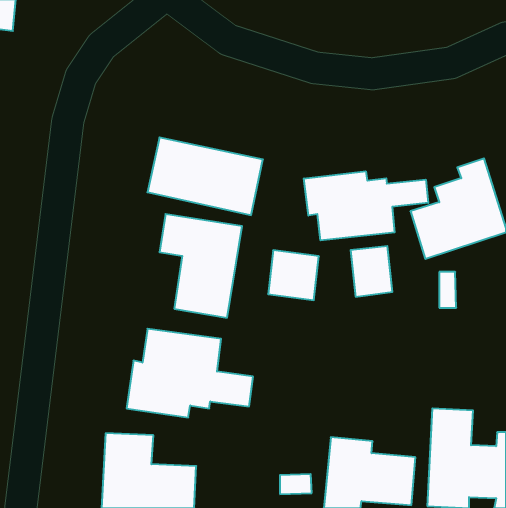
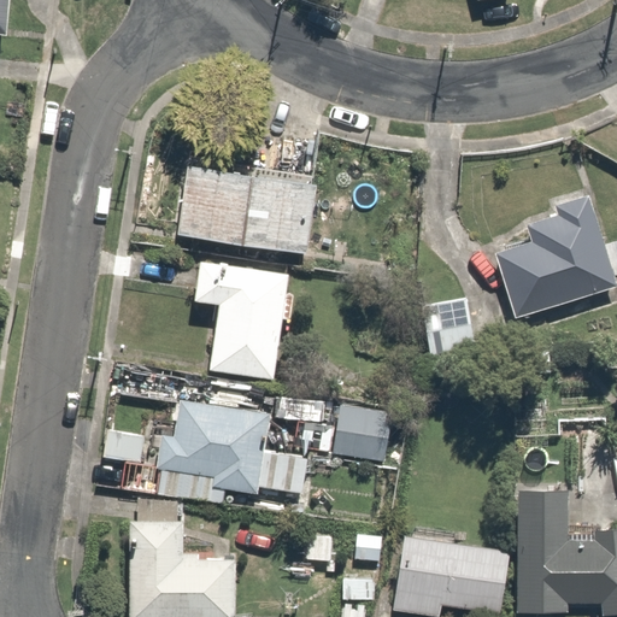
building: [304,171,428,240] -> none
building: [268,250,319,300] -> [331,402,393,463]

